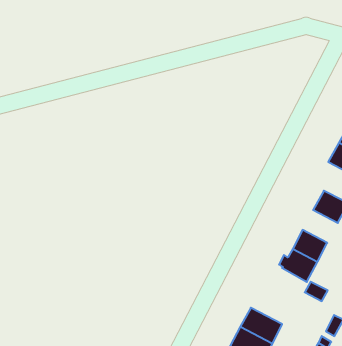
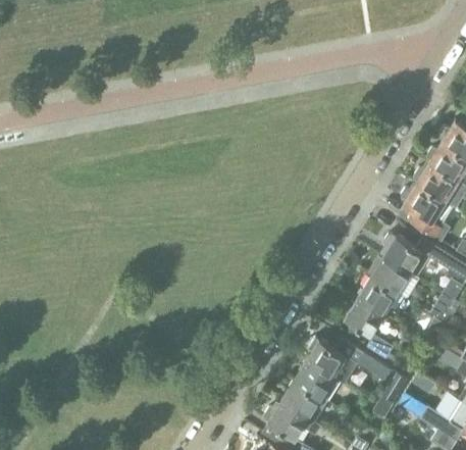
building: none -> [369,257,409,295]
building: none -> [306,340,375,385]

